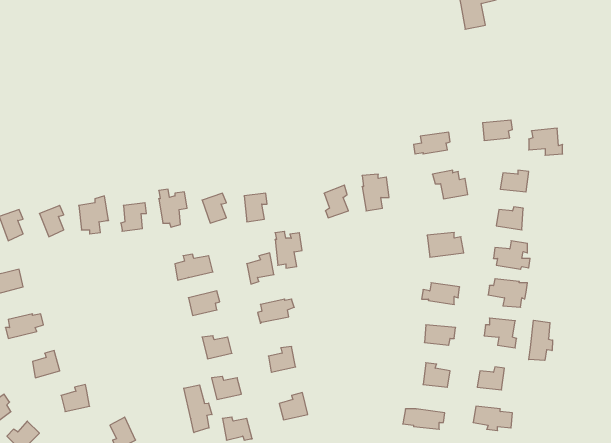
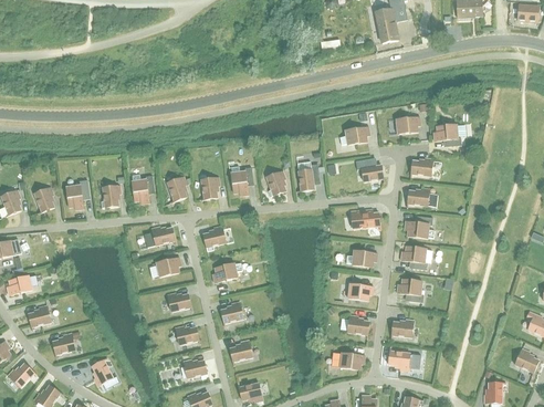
building: [275,231,302,268] -> [230,165,252,195]
building: [529,320,553,360] -> none
building: [184,385,212,433] -> none

